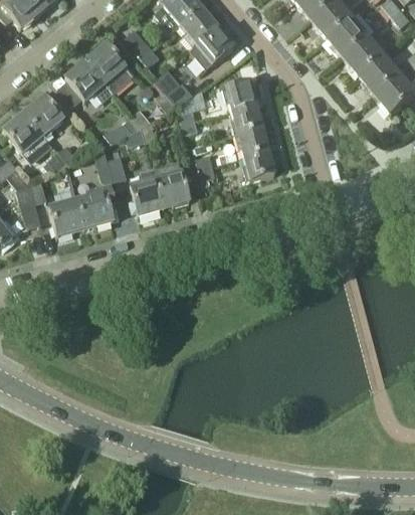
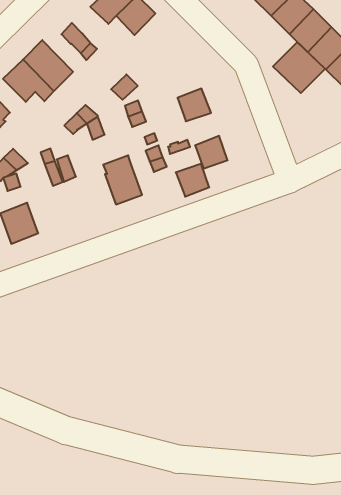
building: [194,26,232,64] -> none
building: none -> [273,42,325,93]
building: [224,80,254,110] -> none
building: [236,127,267,157] -> [176,164,209,197]
building: [128,168,162,214] -> none
building: [75,186,115,228] -> none

